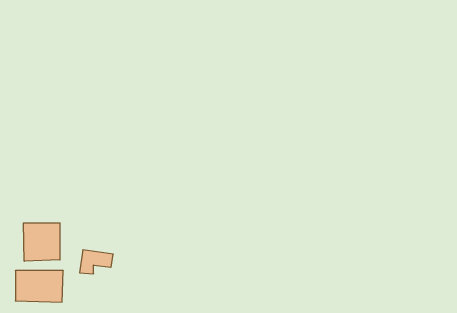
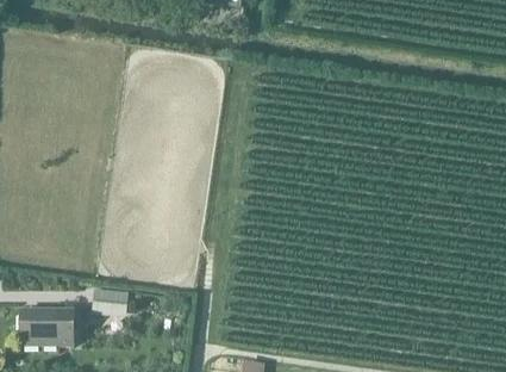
building: [23,223,60,261] -> none

